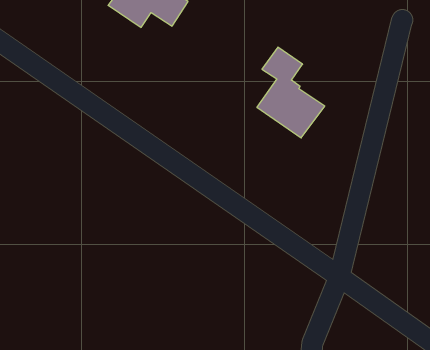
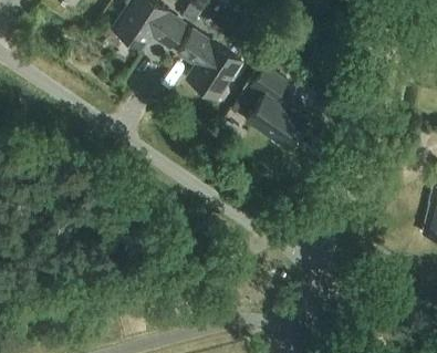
building: none -> [177,31,244,100]

